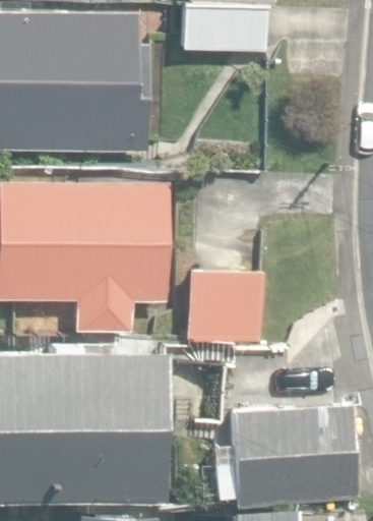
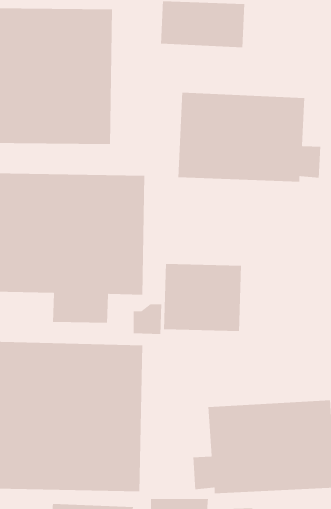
building: none -> [178,92,321,183]

